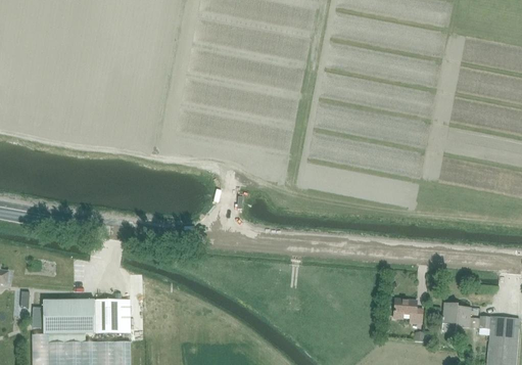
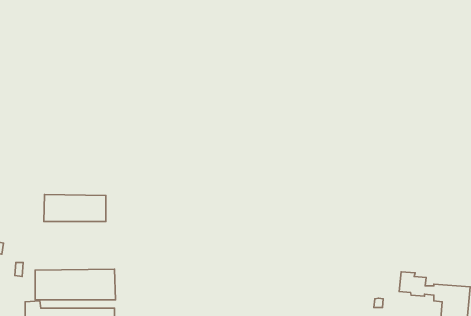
building: none -> [44,195,106,221]
building: [393,300,423,324] -> none

